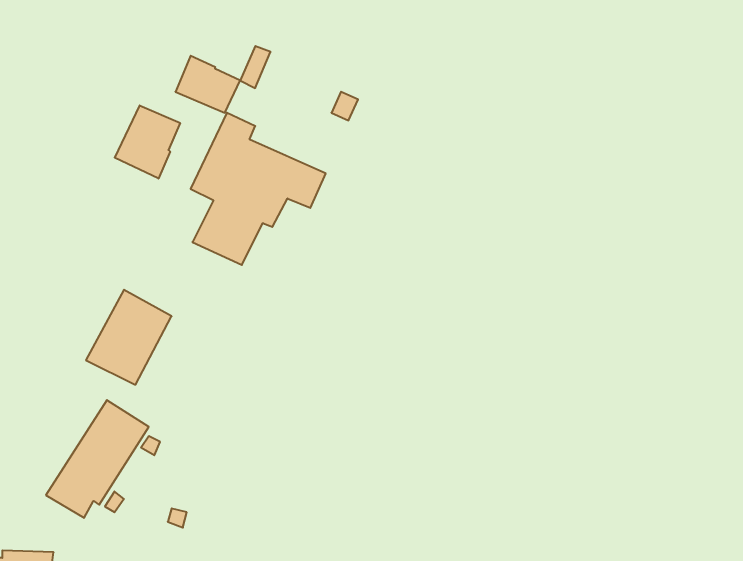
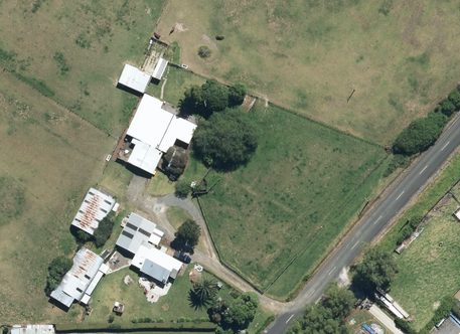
building: [115,105,180,179] -> none
building: none -> [116,212,183,284]

